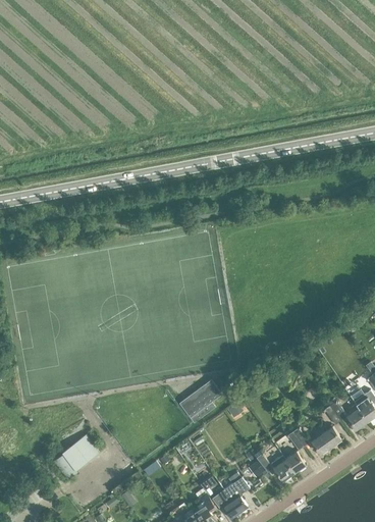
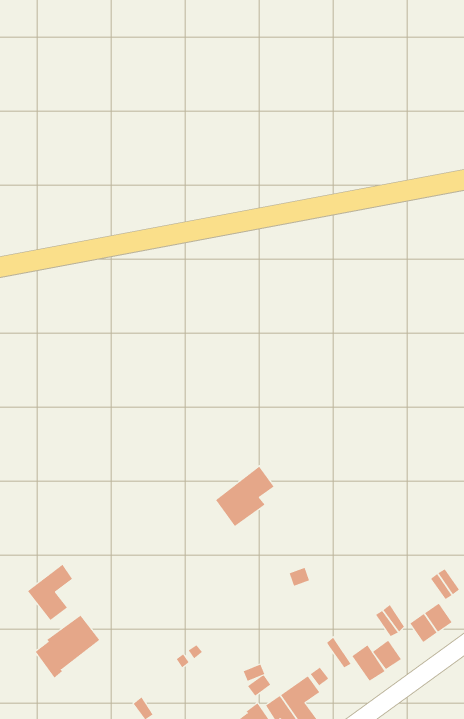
building: [179,380,220,422] -> [215,466,274,527]
building: none -> [27,564,73,621]

